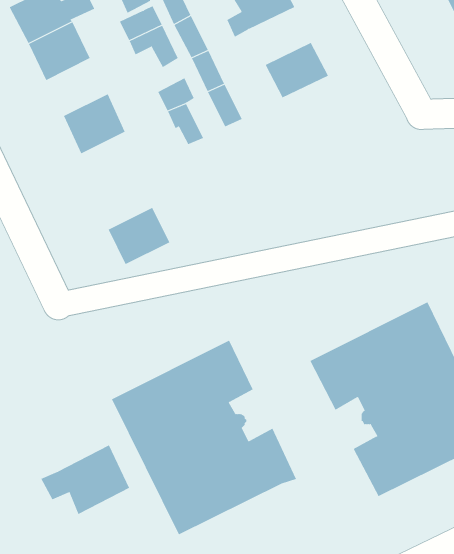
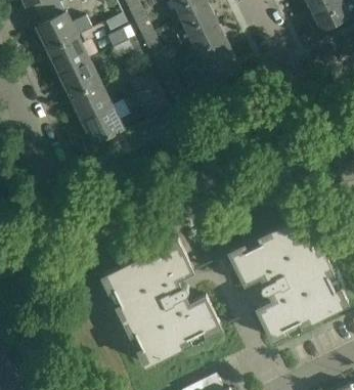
building: none -> [189,26,229,62]
building: none -> [59,58,99,95]
building: [108,207,170,265] -> [82,105,122,142]
building: [41,445,130,515] -> none

